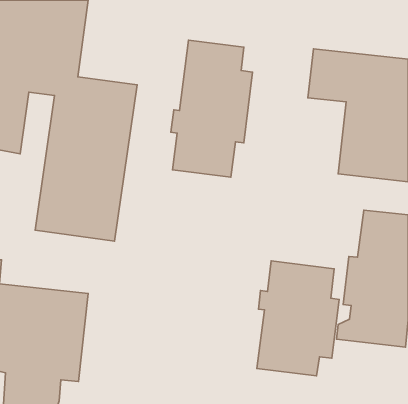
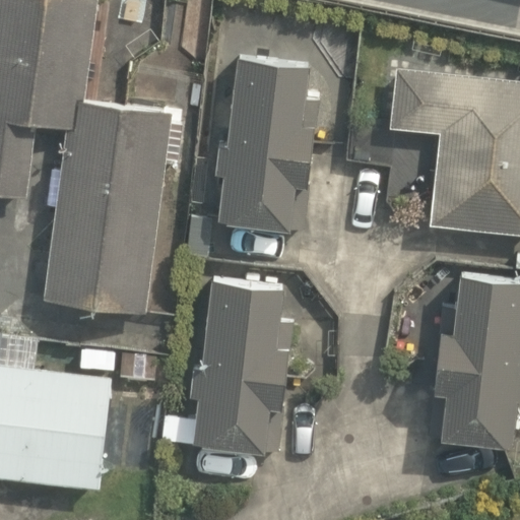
building: none -> [191,277,294,453]
building: [257,261,339,376] -> none

